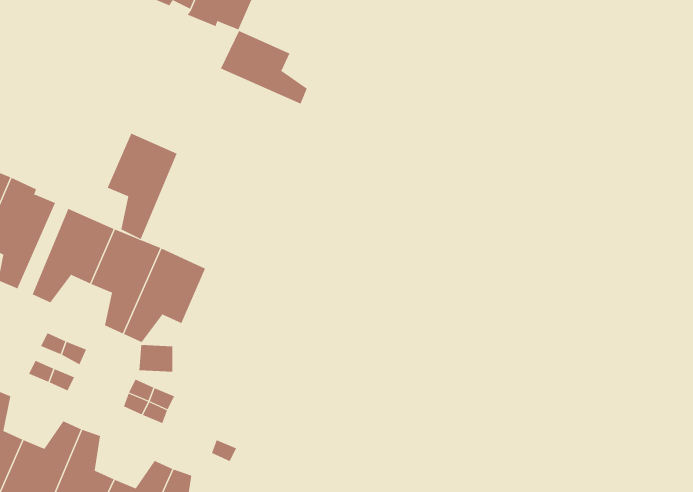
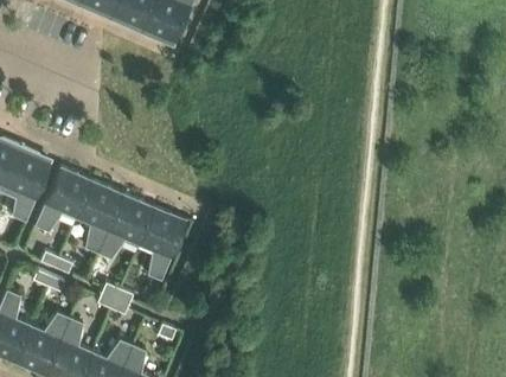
building: [220,30,308,104] -> none
building: [107,133,177,240] -> [137,207,186,281]

